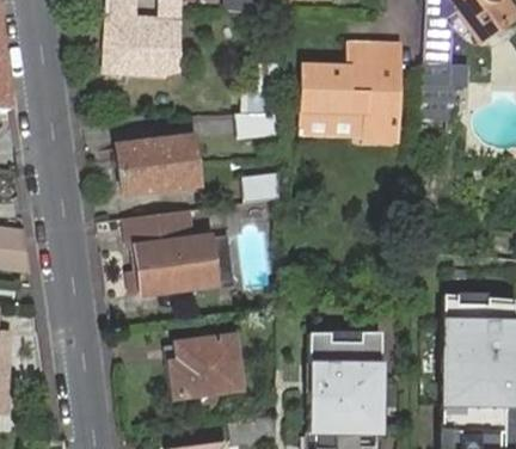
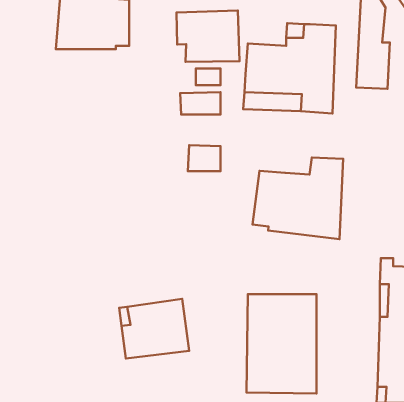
building: none -> [177,10,239,62]
building: [118,137,202,195] -> none
building: none -> [252,157,343,239]
building: [128,209,235,290] -> none

